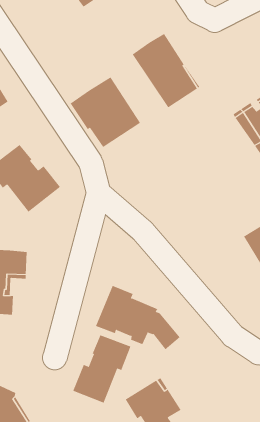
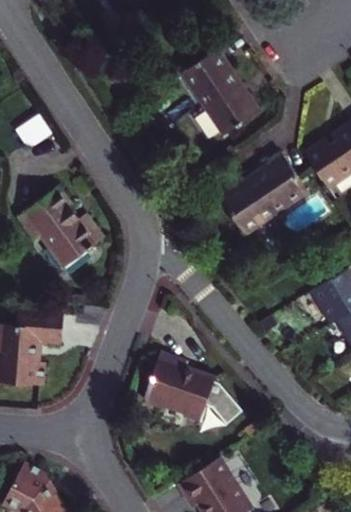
building: [70,76,141,148] -> none
building: none -> [222,157,308,237]
building: [72,335,131,404] -> none

